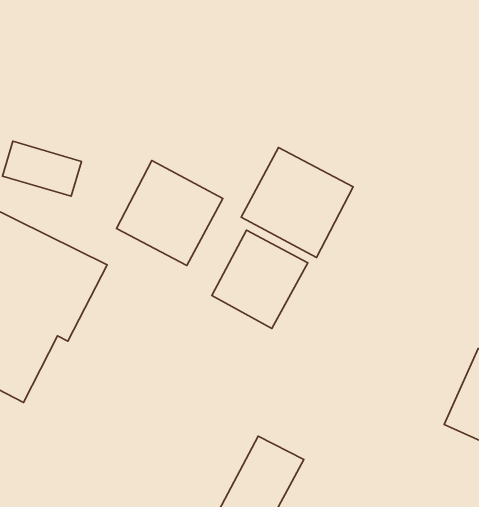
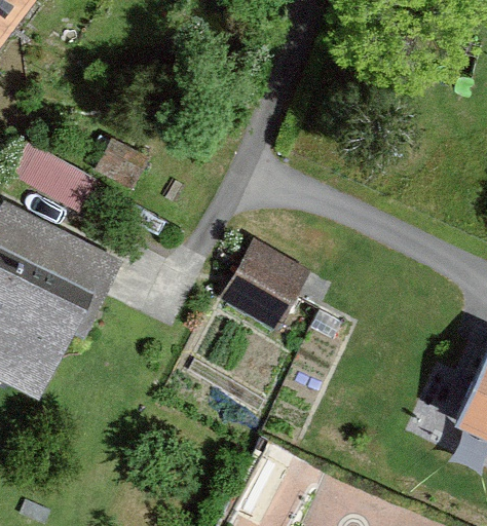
building: [241,148,353,257] -> none
building: [117,161,223,266] -> none

